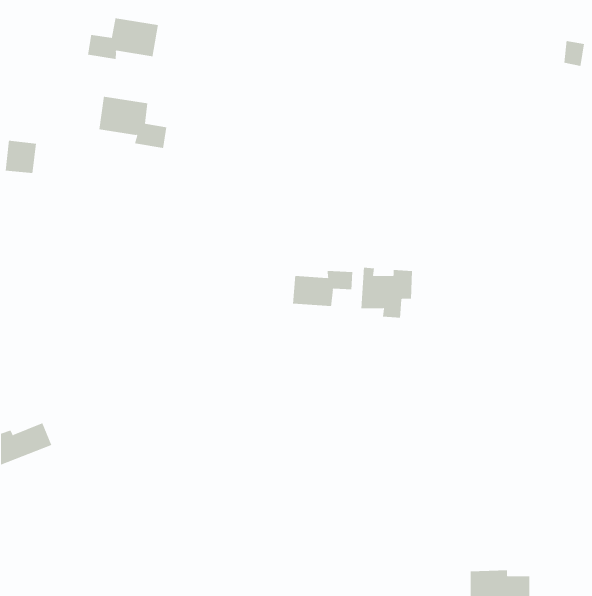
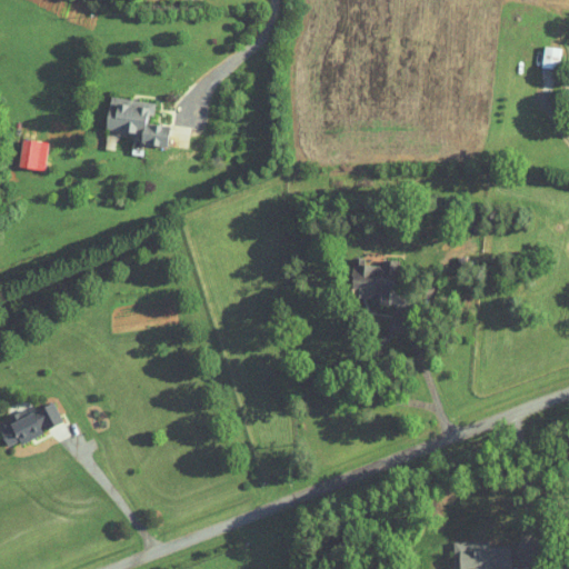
building: [88,17,158,60] -> none
building: [292,270,353,307] -> none

